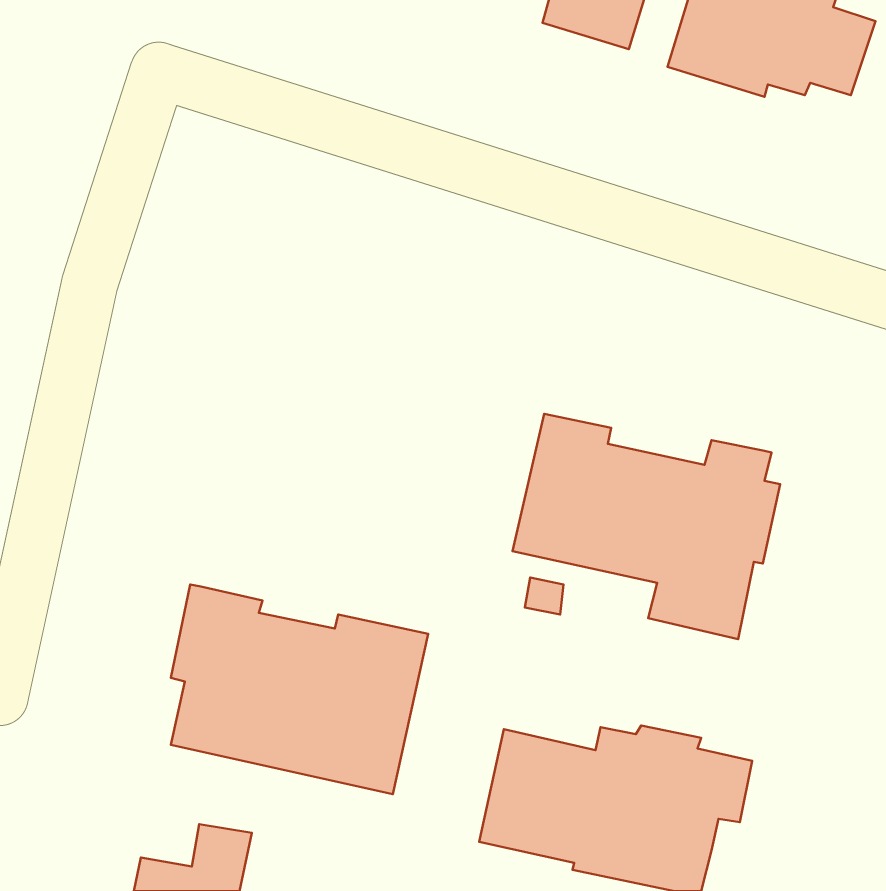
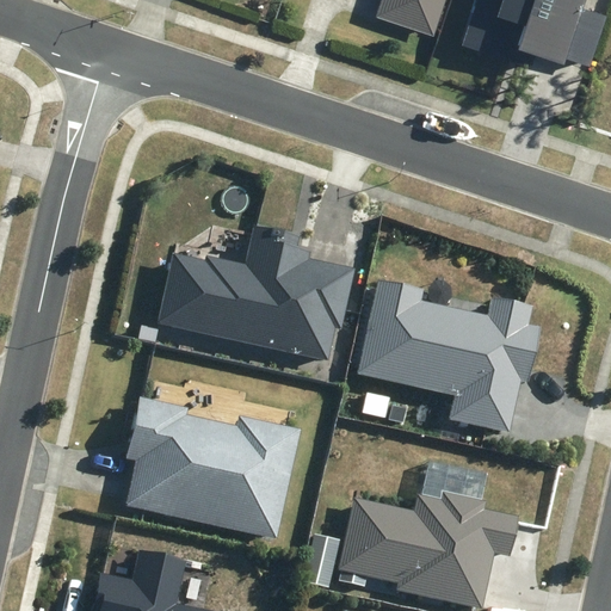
building: none -> [155,227,353,363]

